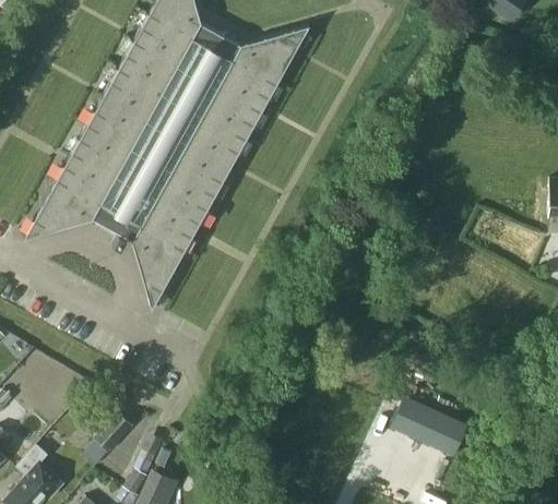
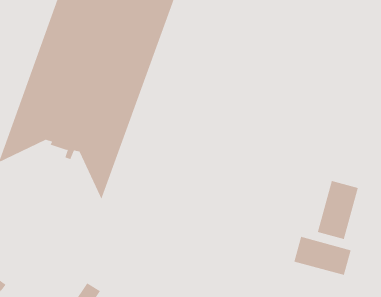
building: none -> [317,180,359,240]

